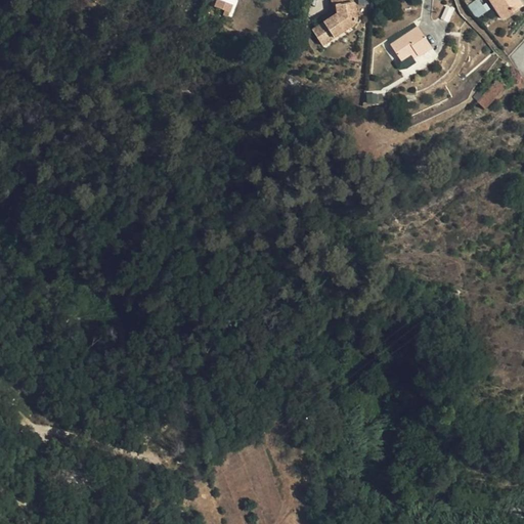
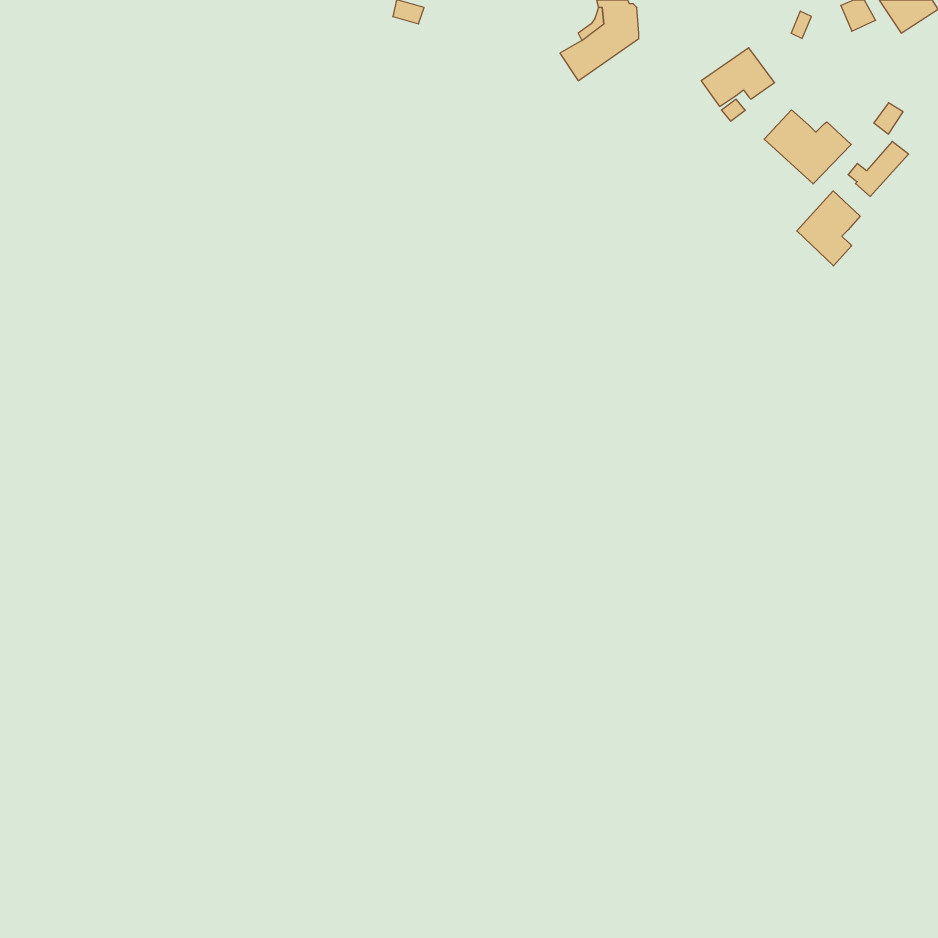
building: none -> [764,110,851,184]
building: none -> [797,191,860,266]

